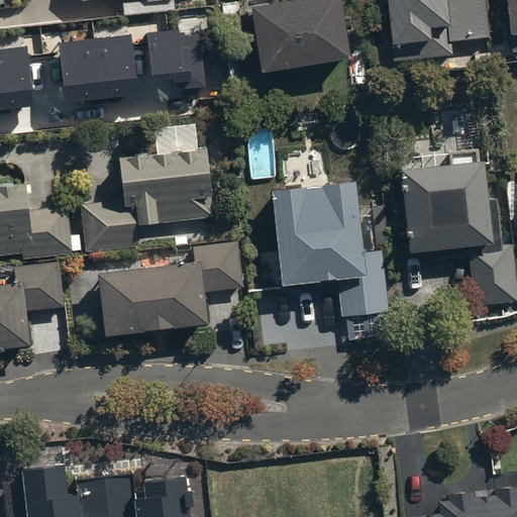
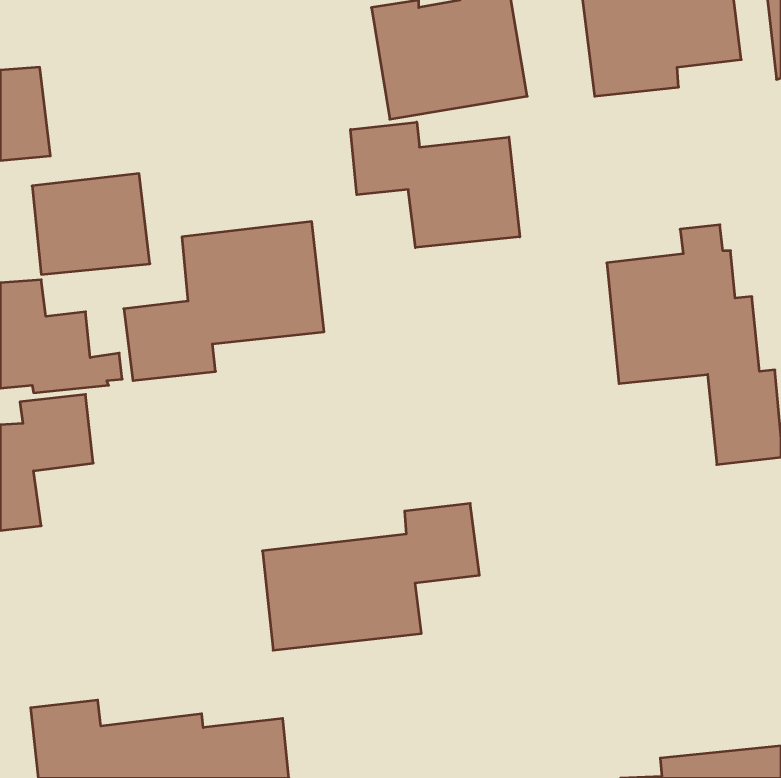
building: [147,27,205,87] -> none
building: [60,33,137,100] -> [32,174,150,274]
building: none -> [351,122,520,248]
building: [275,180,386,315] -> none
building: [100,239,243,336] -> [262,503,479,650]

